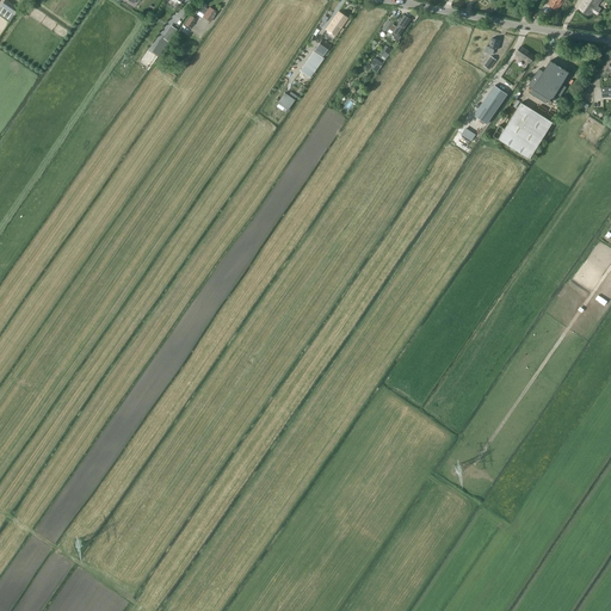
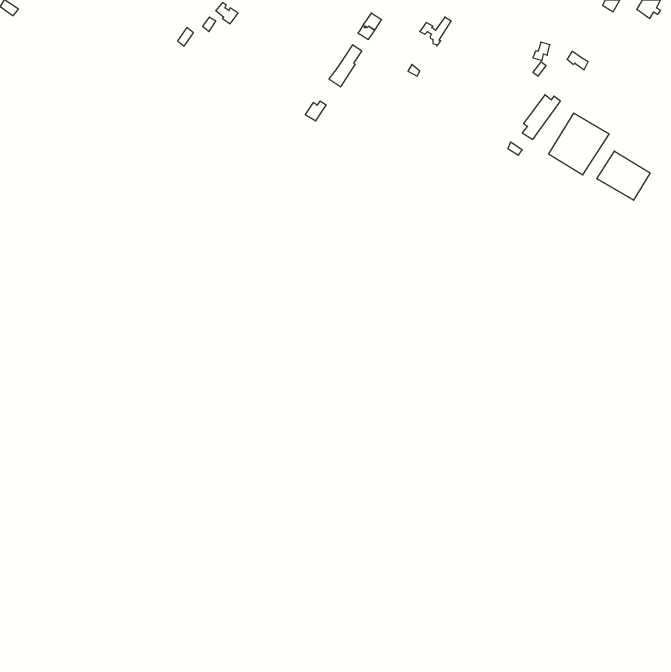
building: [527,61,568,106] -> none
building: none -> [597,151,650,200]

